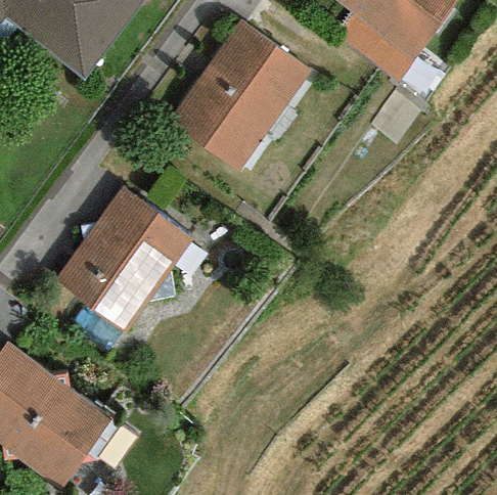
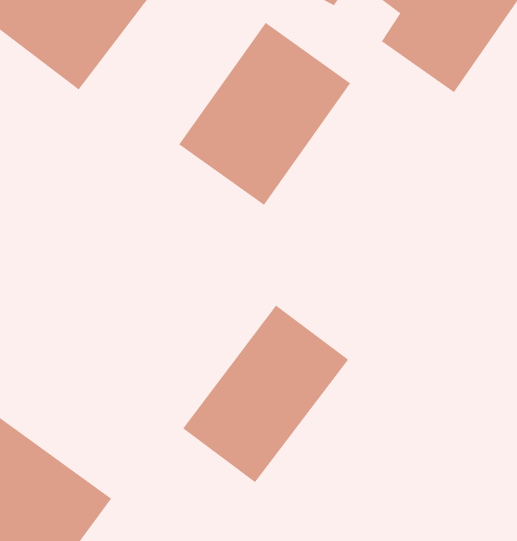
building: [54,187,192,330] -> none
building: none -> [182,305,349,483]

